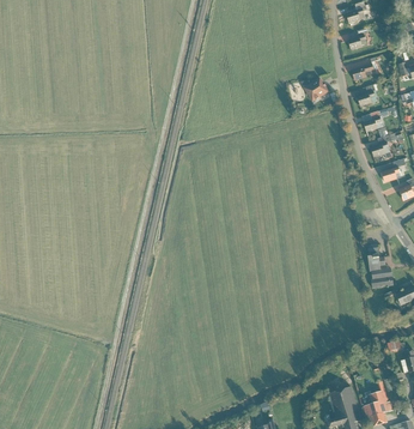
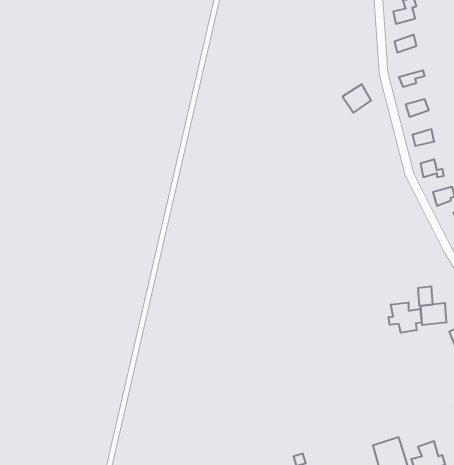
building: none -> [389,302,422,333]

